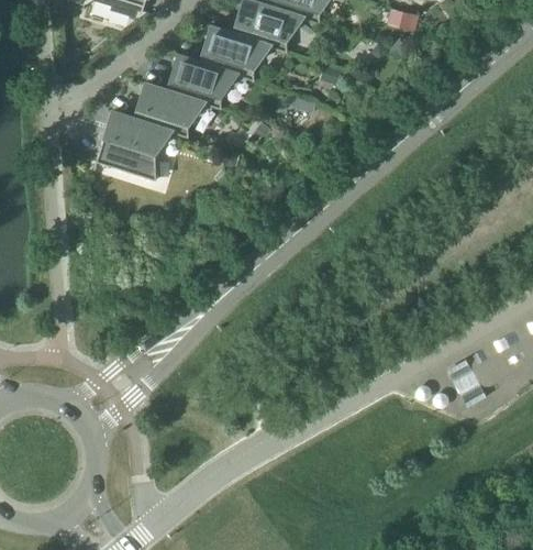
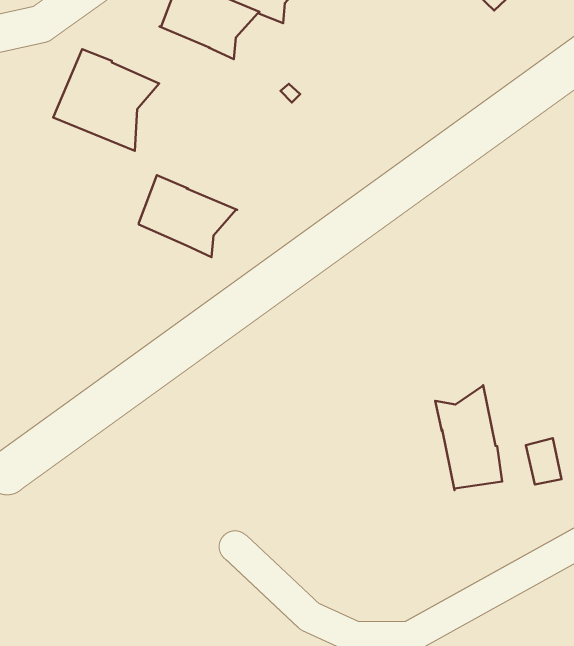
building: [135,82,204,138] -> [139,175,237,257]
building: none -> [435,385,502,490]

